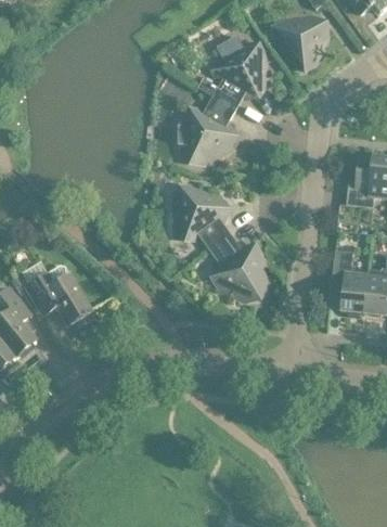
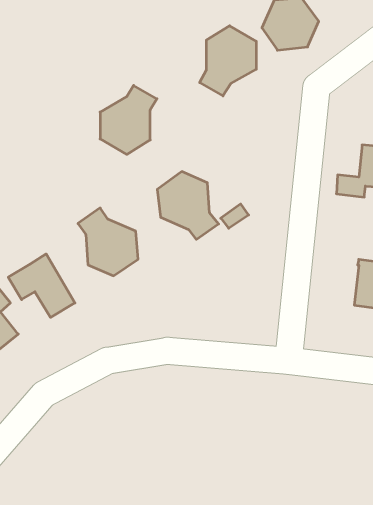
building: [180,94,235,162] -> [100,85,157,154]
building: [209,232,268,298] -> [78,208,138,276]
building: [332,248,367,311] -> none

